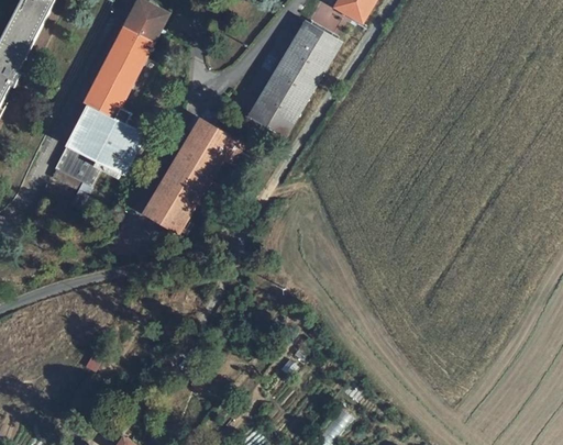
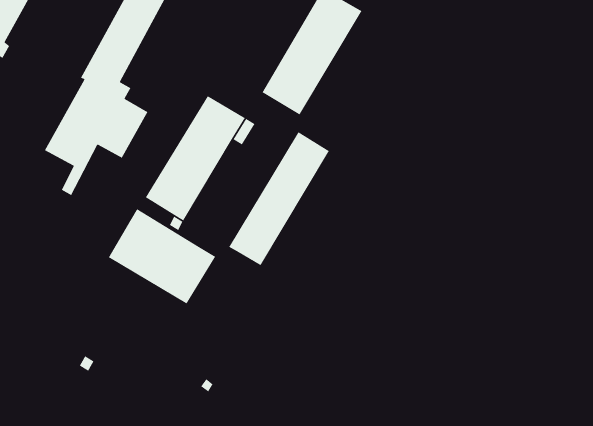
building: none -> [228,131,330,266]
building: none -> [108,208,216,304]

